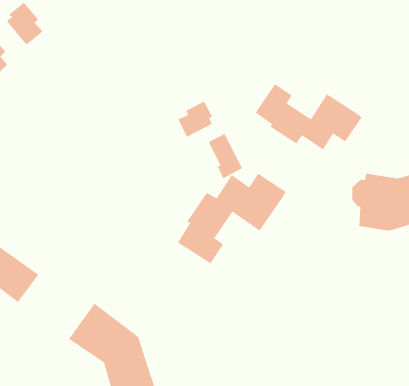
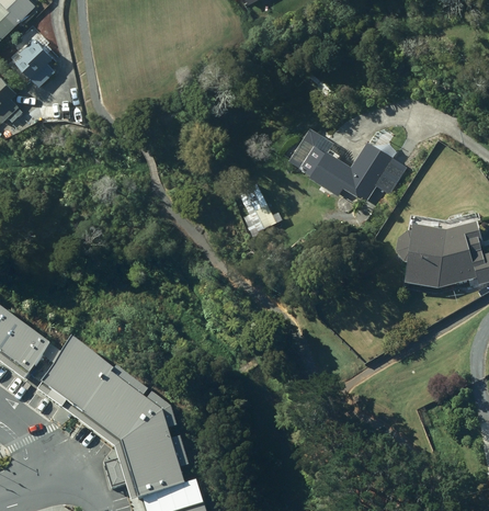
building: [178,101,213,137] -> none
building: [177,173,286,264] -> none
building: none -> [42,334,114,409]

